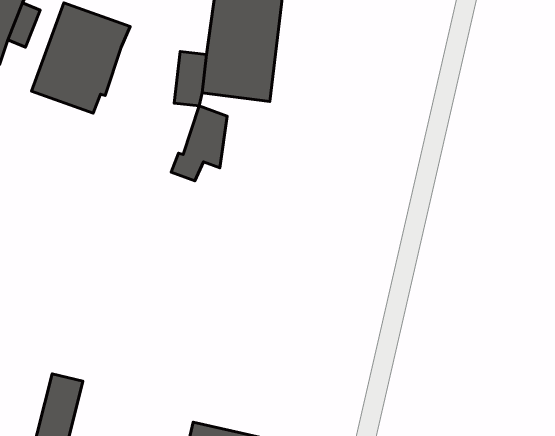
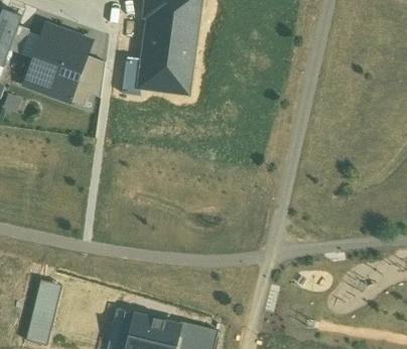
building: [171,106,227,181] -> [66,55,105,107]

